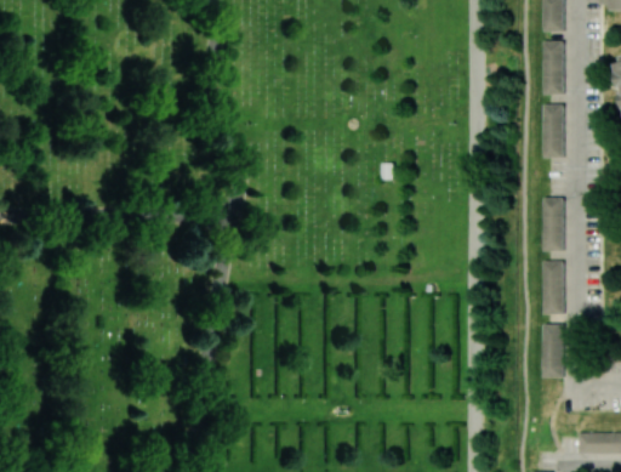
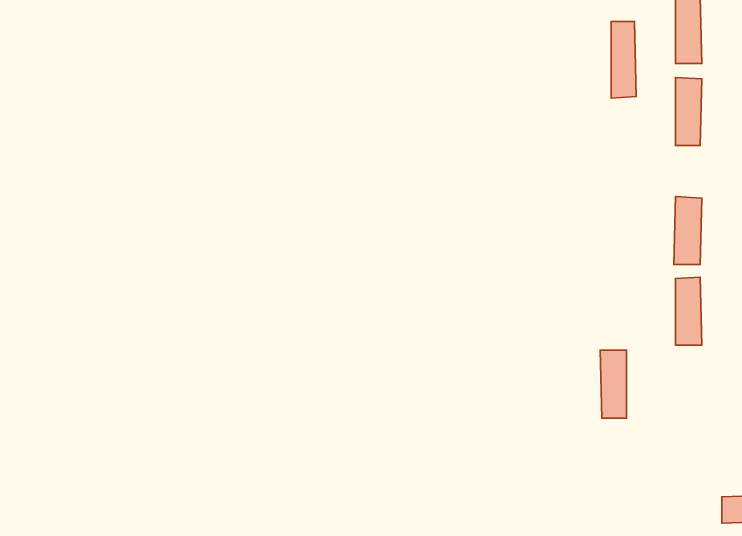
building: none -> [611,21,636,98]
building: [542,324,563,377] -> [600,350,627,418]

